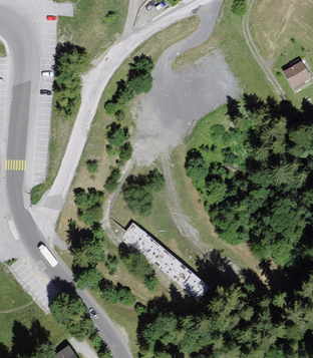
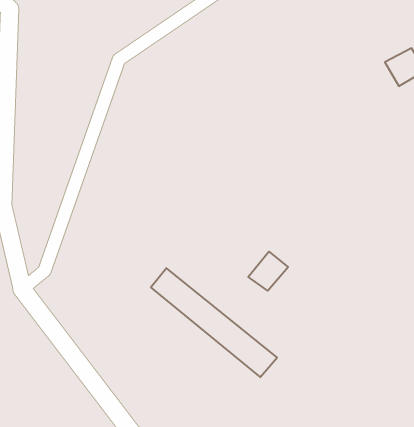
building: none -> [248,252,288,291]

